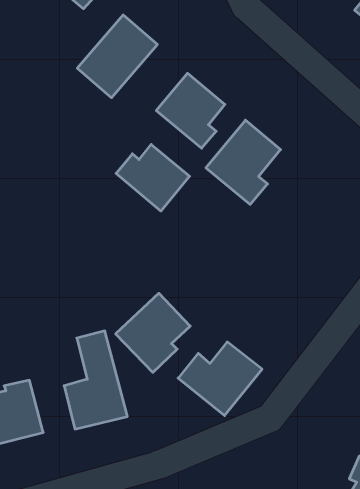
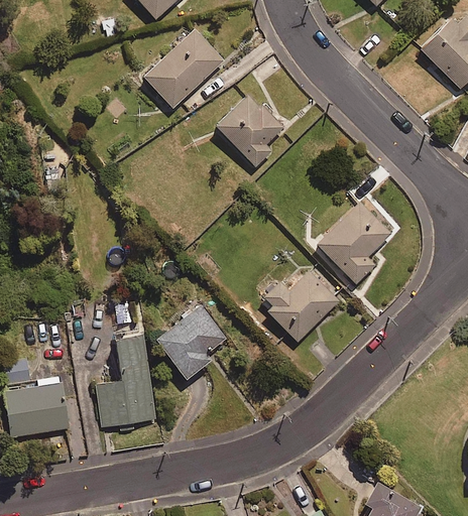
building: [206,120,281,204] -> [317,201,391,283]
building: [116,144,190,211] -> none
building: [178,342,262,416] -> [256,270,339,342]

